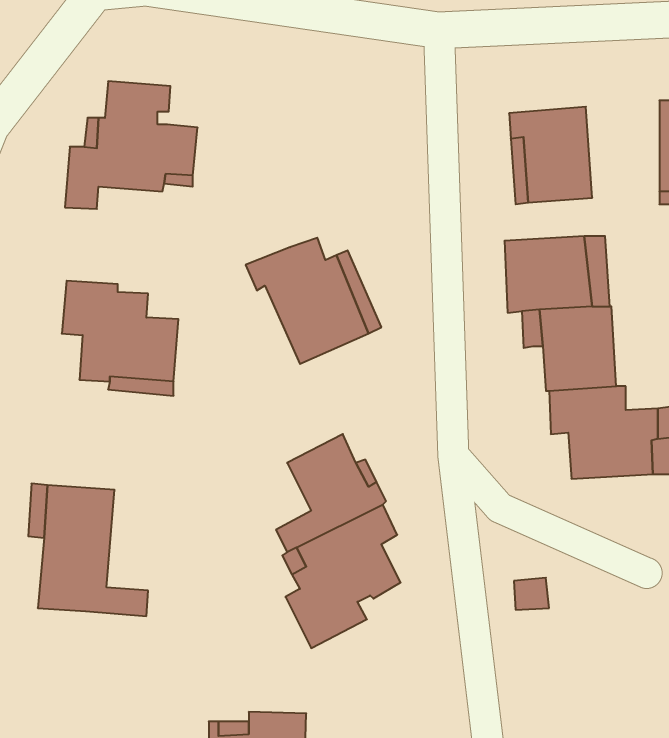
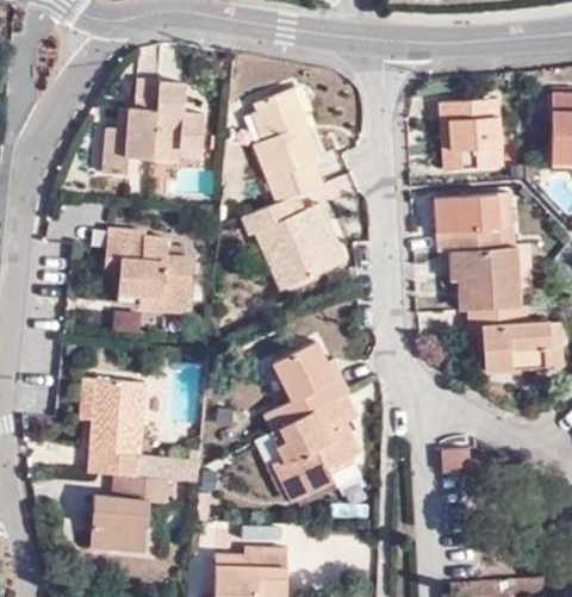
building: none -> [243,88,319,203]
building: none -> [89,474,168,551]

